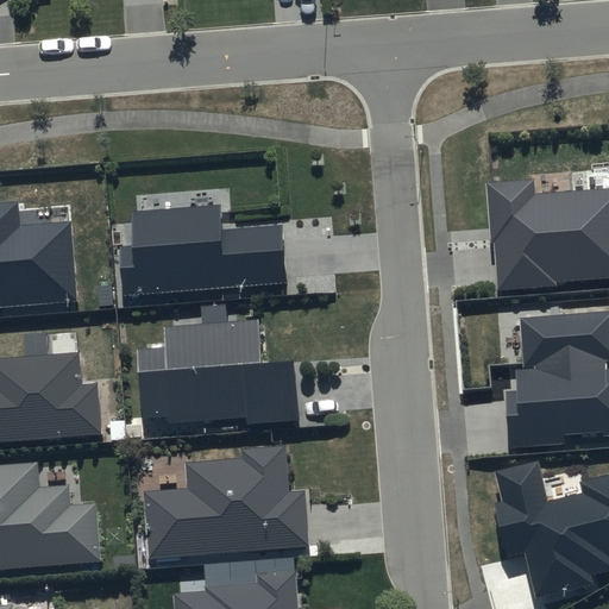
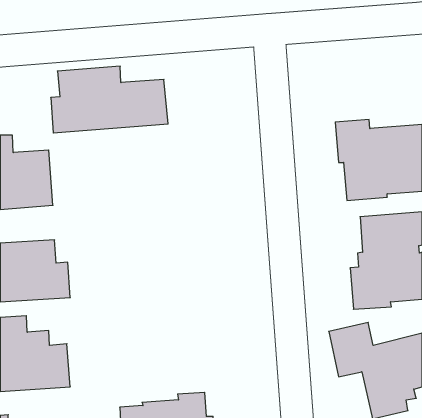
building: [120,202,289,299] -> [51,66,168,133]
building: [138,316,297,423] -> none
building: [142,445,308,559] -> none

